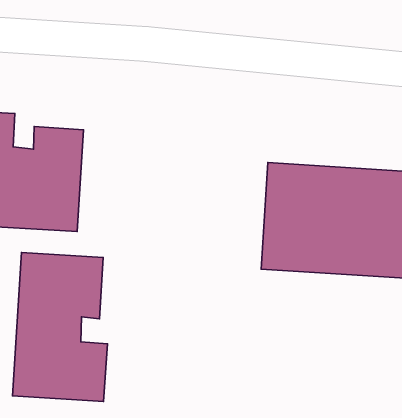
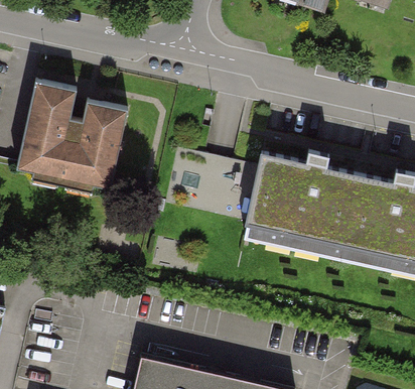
building: [12,253,108,401] -> none

